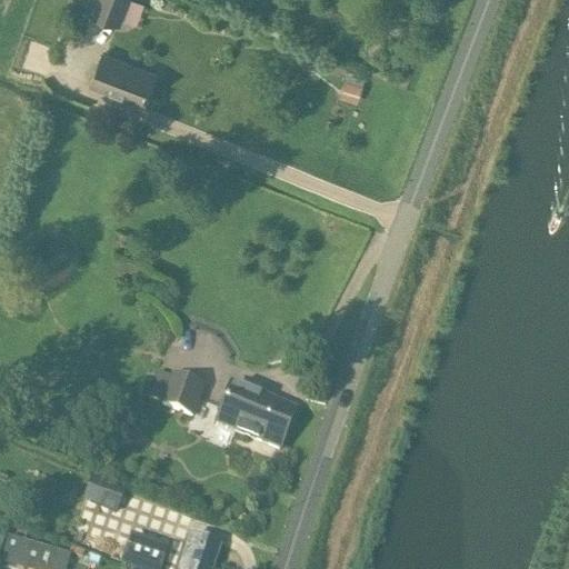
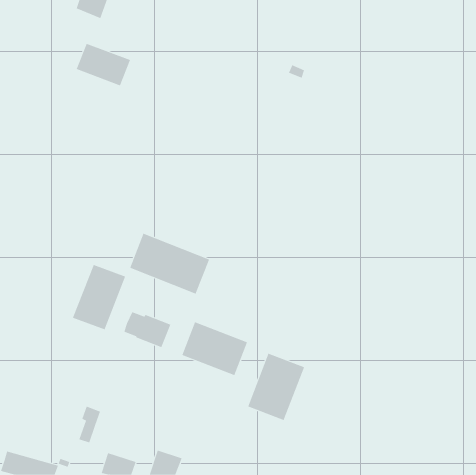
building: none -> [129,233,210,294]
building: none -> [72,264,126,330]
building: none -> [247,353,305,421]

